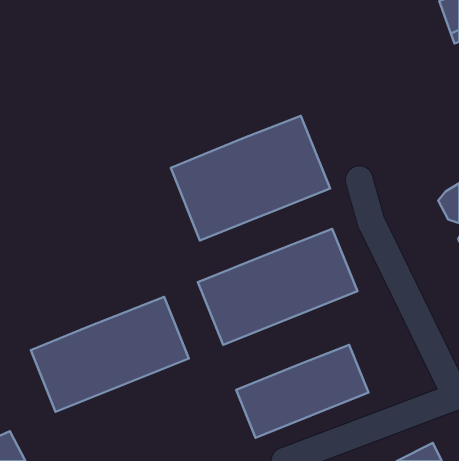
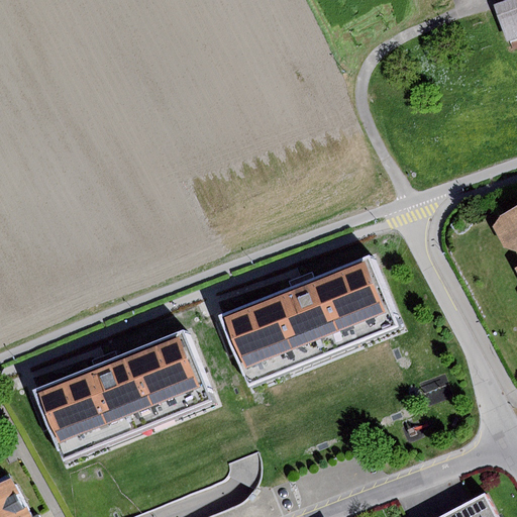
building: [171,116,330,240] -> none
building: [236,345,369,438] -> none

